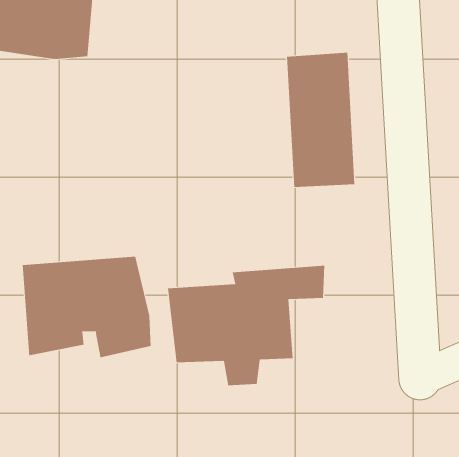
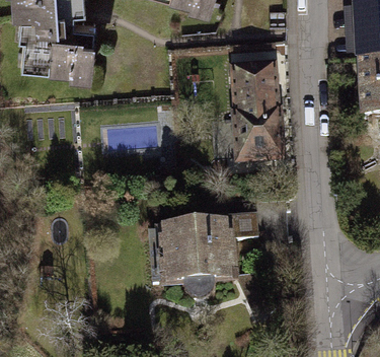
building: [22,256,151,358] -> none

